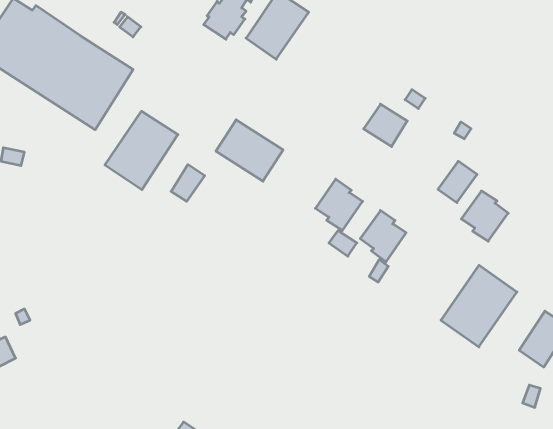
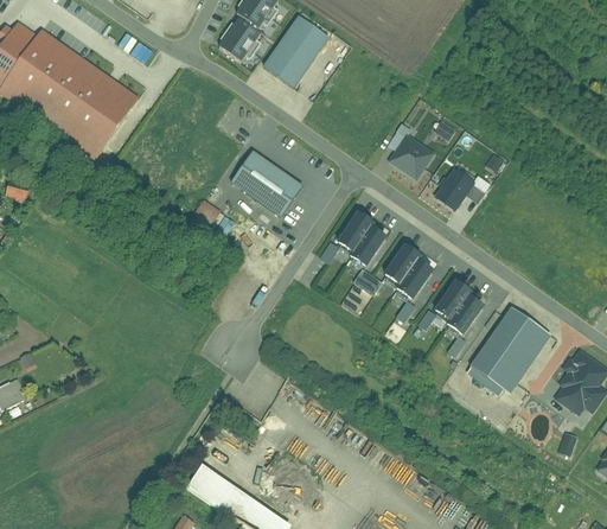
building: [105,111,178,190] -> none
building: [438,161,477,203] -> [436,165,478,209]
building: [461,191,508,241] -> [434,282,484,336]

